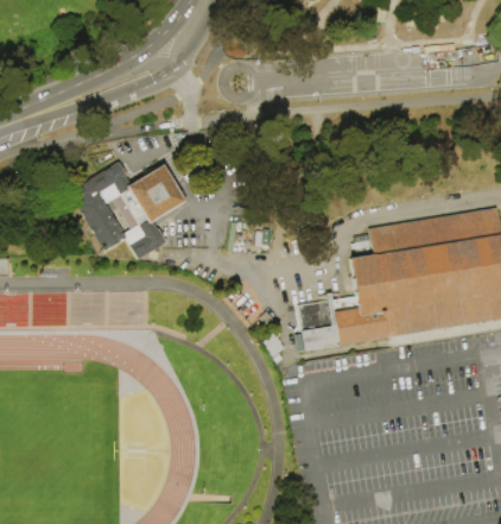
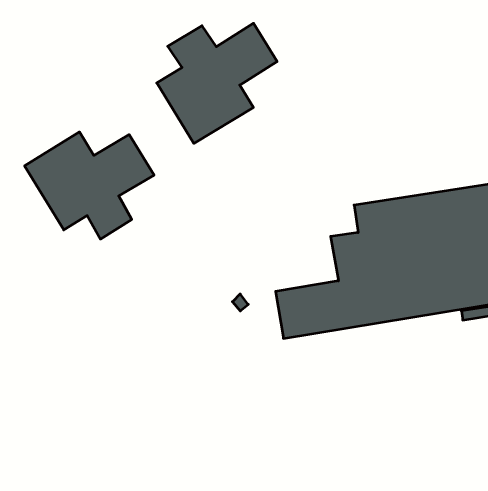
building: none -> [157,23,277,143]

